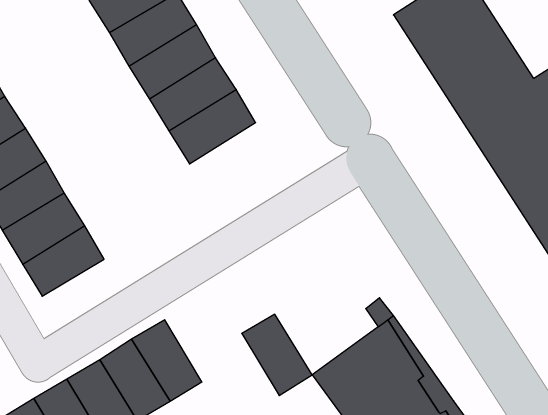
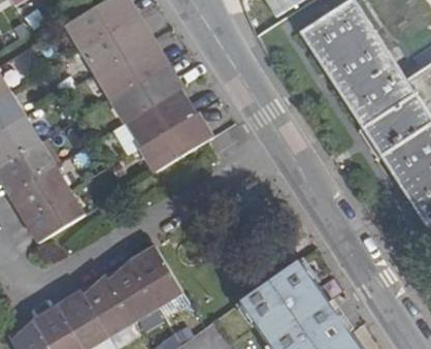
building: none -> [147,114,211,168]
building: [242,314,312,396] -> [129,247,181,308]

